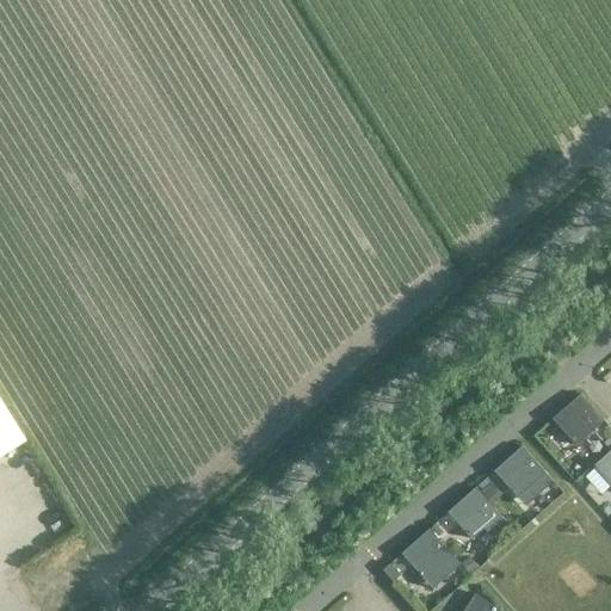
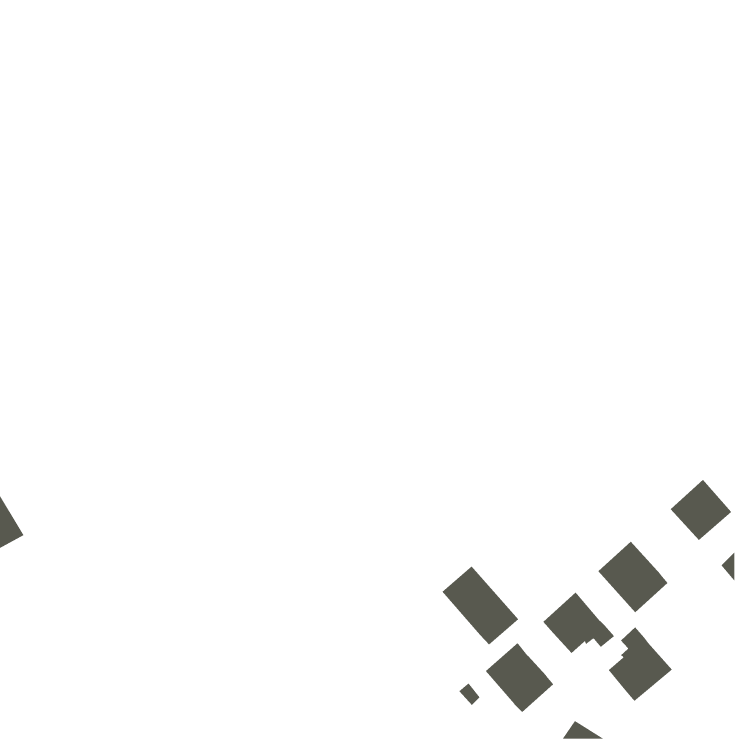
building: none -> [442,566,519,646]
building: none -> [608,626,673,702]

